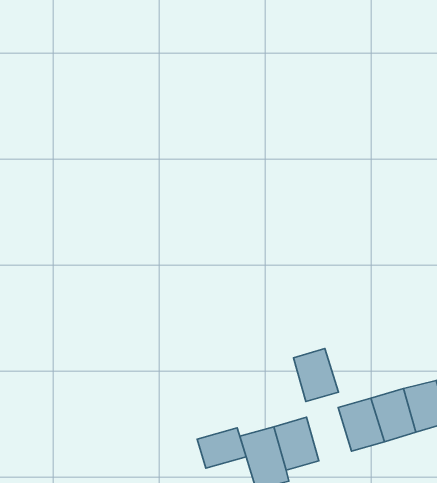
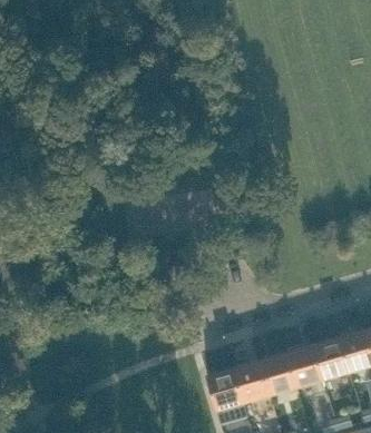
building: [294,348,339,402] -> [262,352,299,395]
building: [197,428,246,468] -> none

